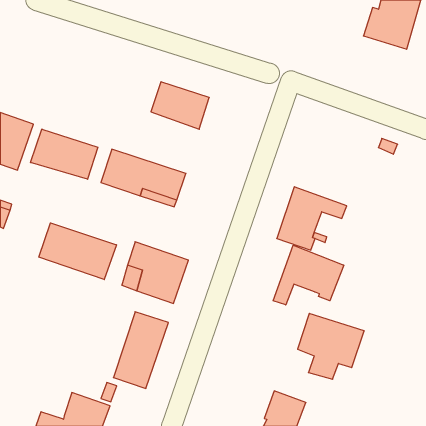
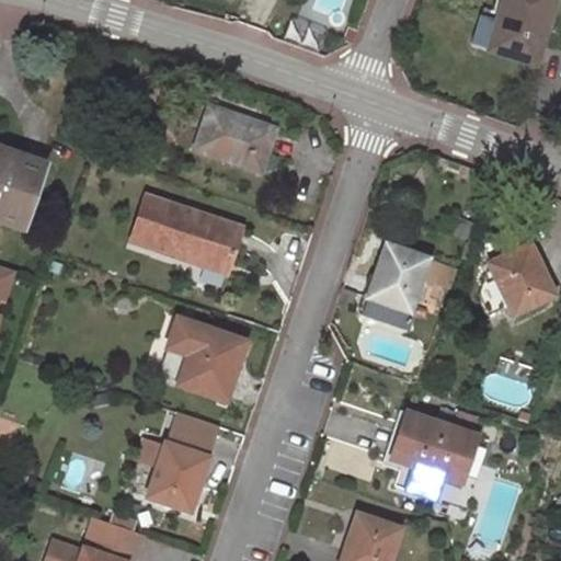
building: [31,129,98,179] -> none
building: none -> [490,244,556,314]
building: [39,223,116,280] -> none
building: [273,245,344,305] -> none

